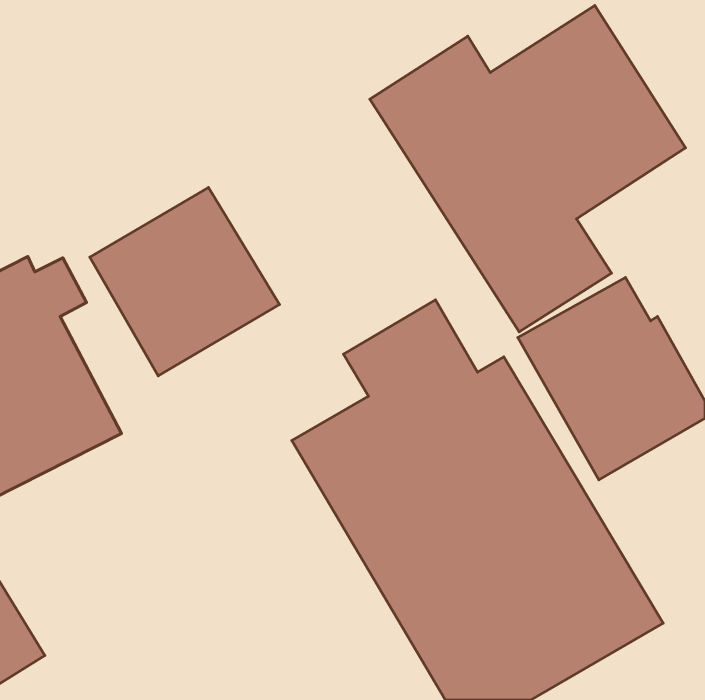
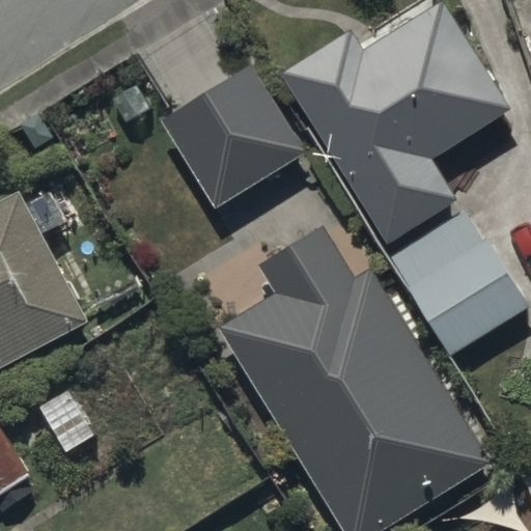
building: [90,187,280,376] -> [163,66,304,206]

